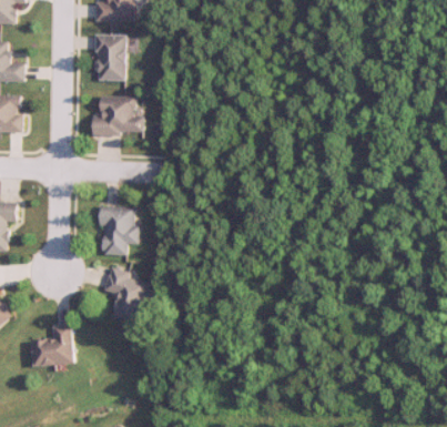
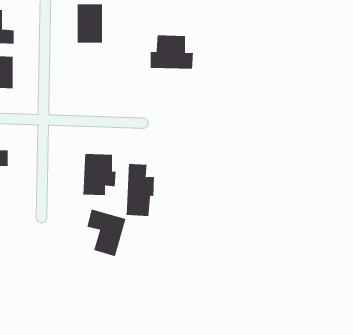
building: [92,96,142,136] -> [150,35,194,70]
building: none -> [126,163,155,217]
building: [32,326,73,367] -> none

